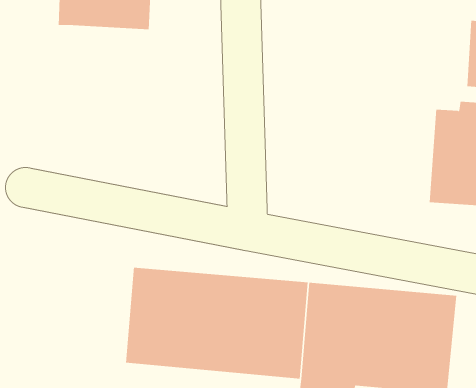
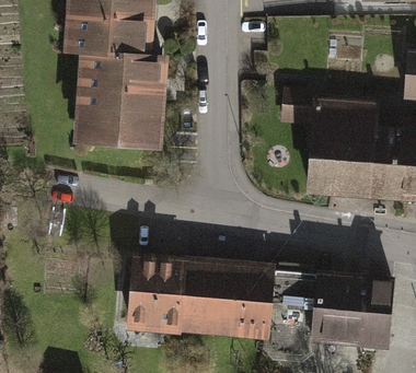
building: none -> [79,54,159,148]
building: none -> [279,86,379,197]

